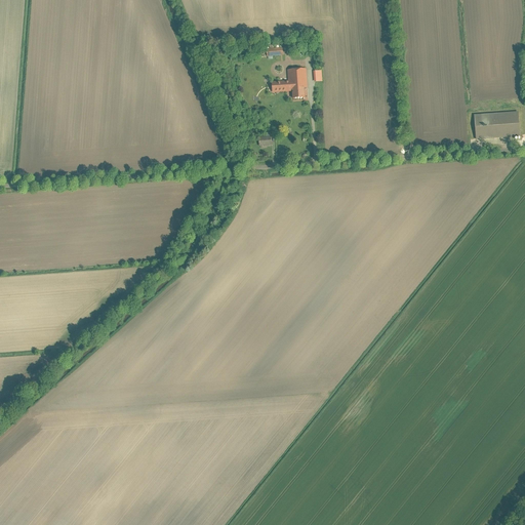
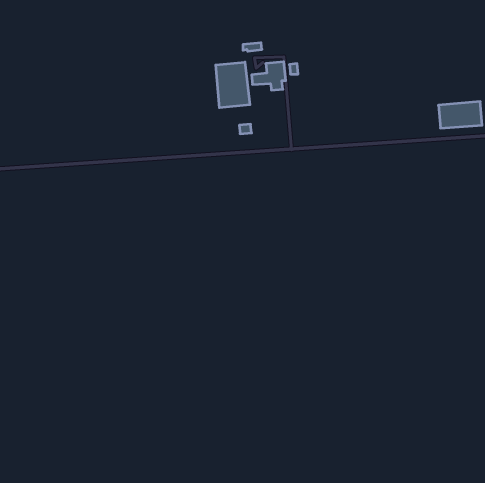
building: none -> [216,62,250,108]

